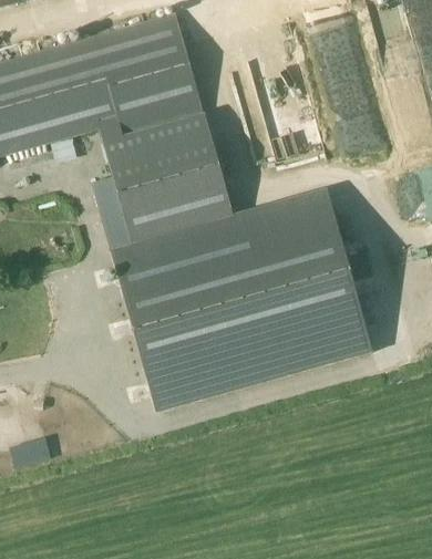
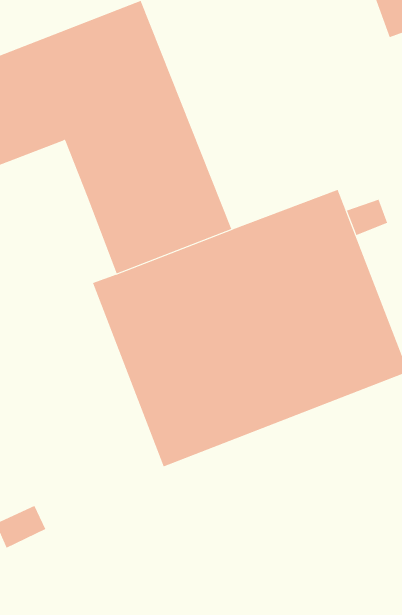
building: [92,176,132,249] -> none
building: none -> [346,199,388,236]

